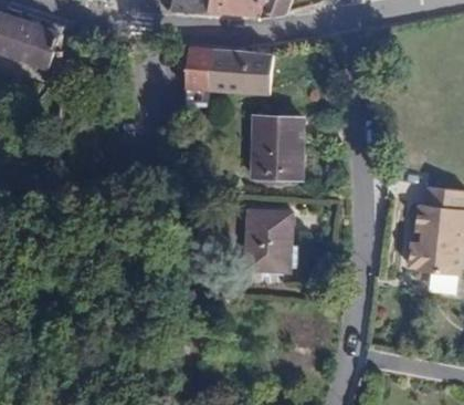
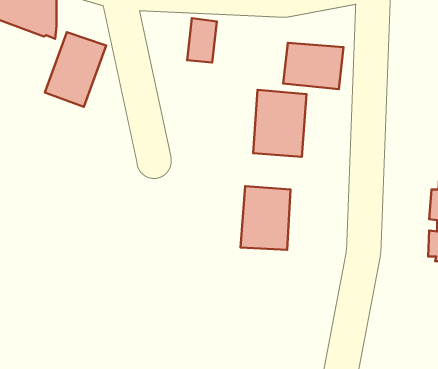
building: [212,51,271,96] -> [283,43,344,89]
building: none -> [45,32,106,107]

